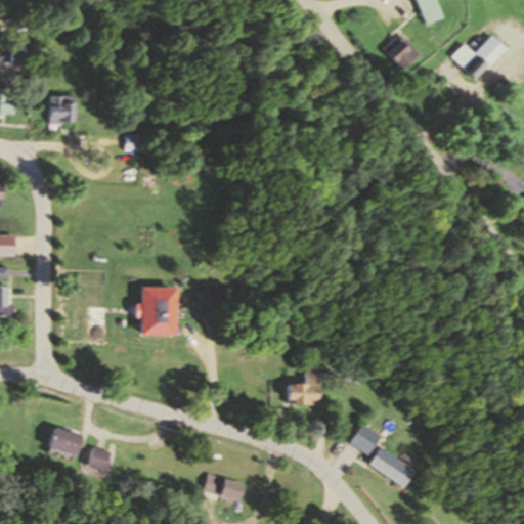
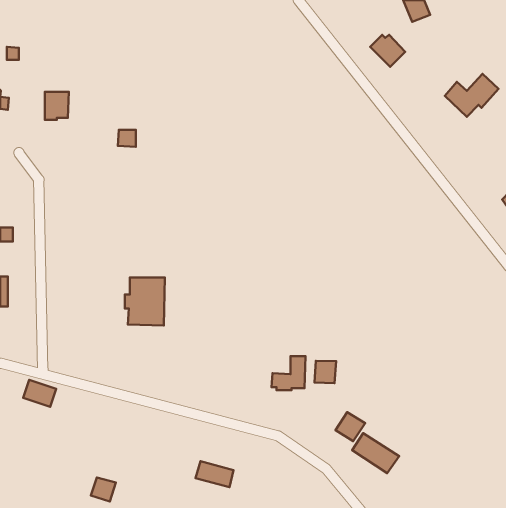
building: [451,35,507,79] -> [445,74,499,117]
building: none -> [315,361,336,383]
building: [48,429,82,456] -> [23,380,56,407]
building: [86,448,112,473] -> [91,478,116,502]

